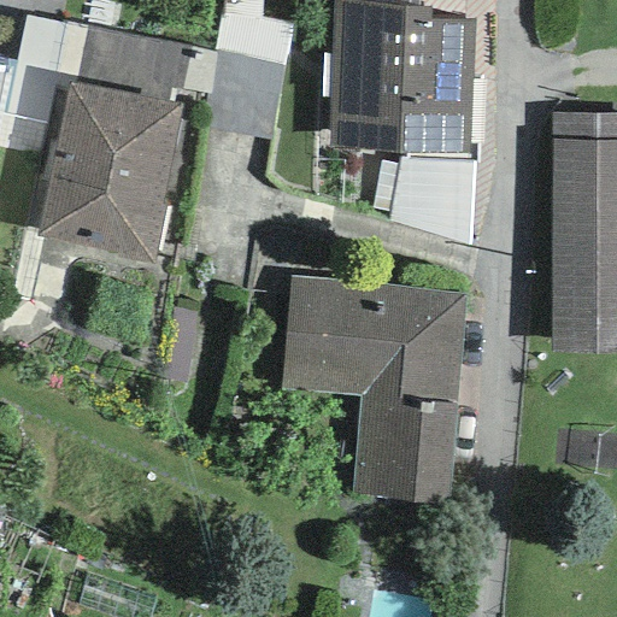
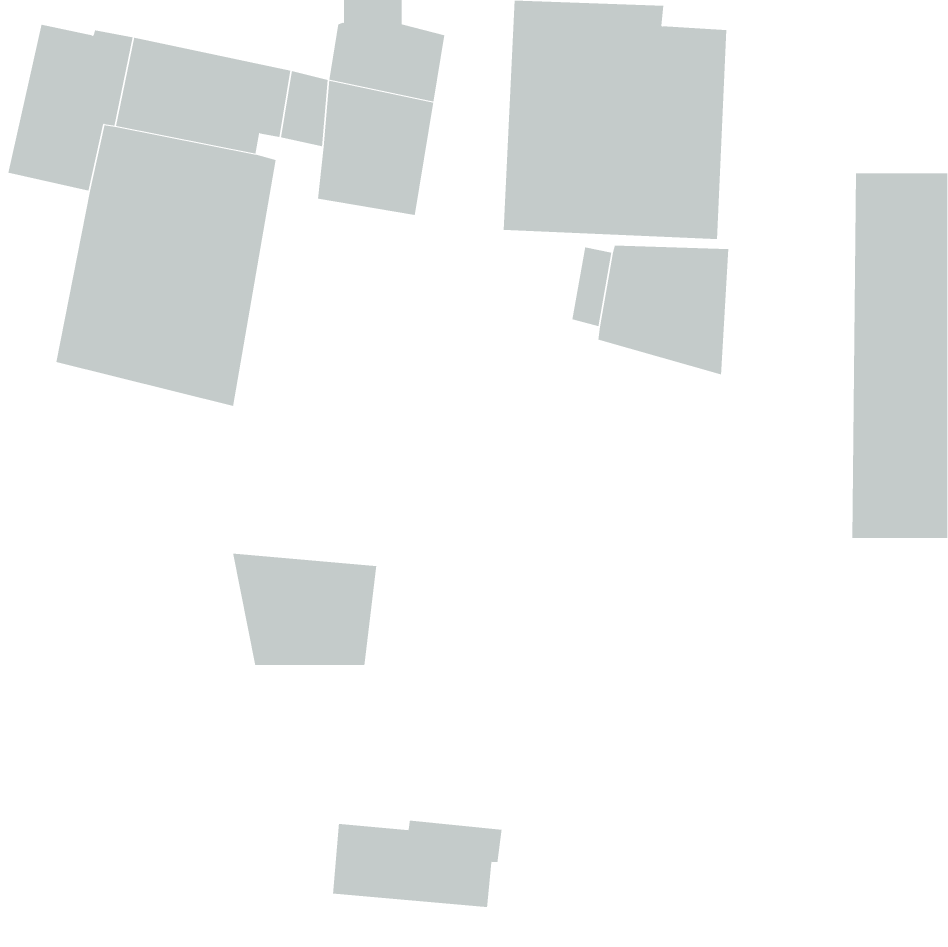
building: [281,277,466,501] -> none
building: none -> [232,553,377,666]
building: none -> [332,820,502,908]

